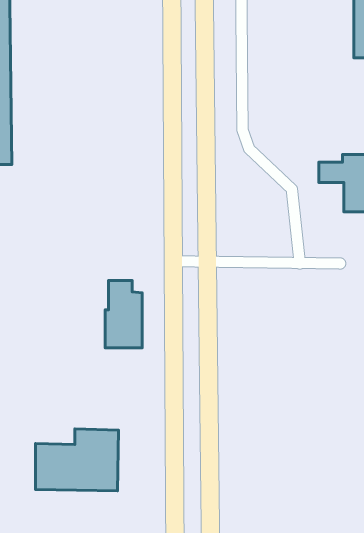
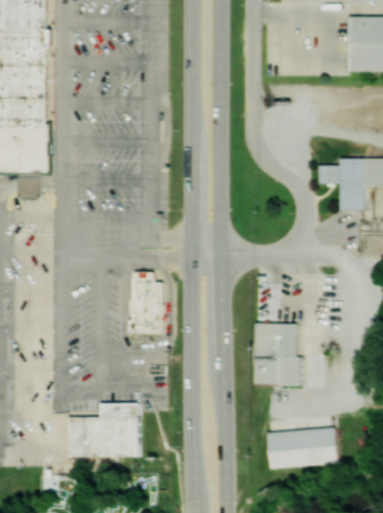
building: none -> [253,321,302,384]
building: none -> [268,426,339,469]

